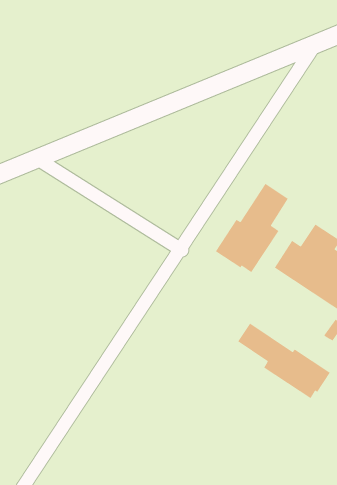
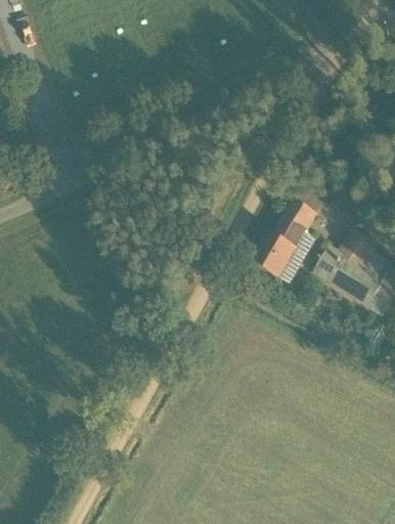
building: [237,323,331,399] -> none

